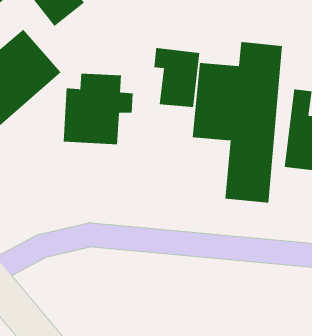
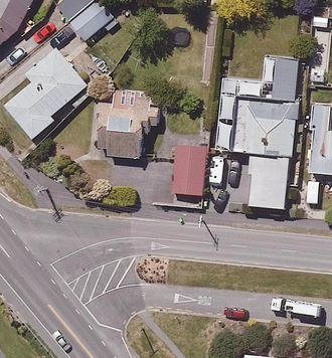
building: [153,47,200,108] -> [166,139,210,196]

